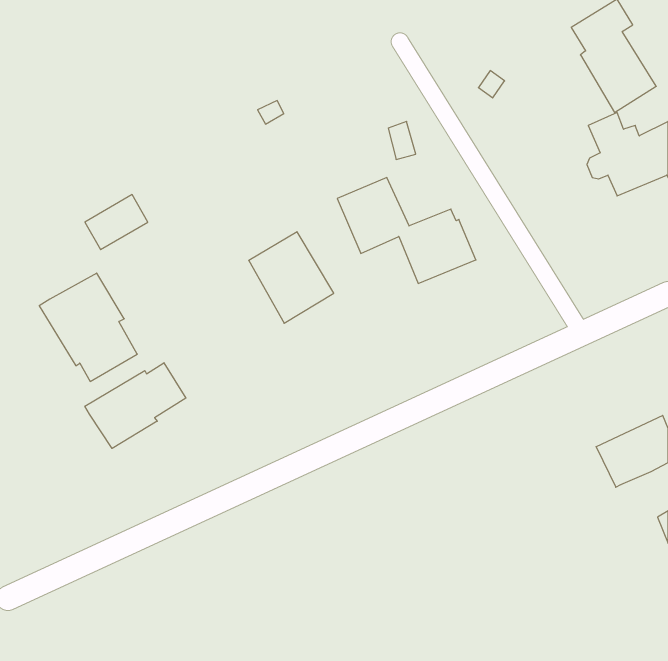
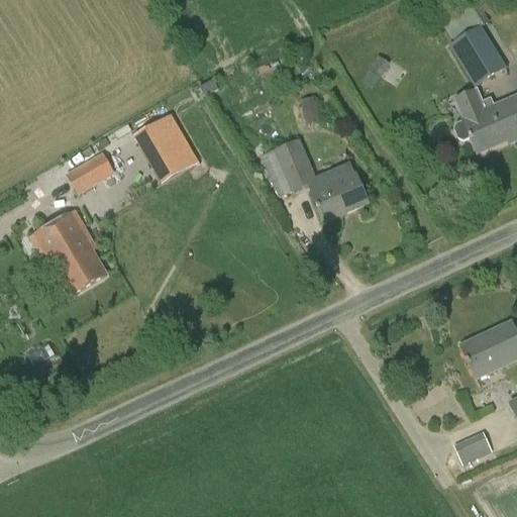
building: [249,232,334,323] -> [133,113,199,184]
building: [85,363,186,448] -> none
building: none -> [453,431,492,463]

